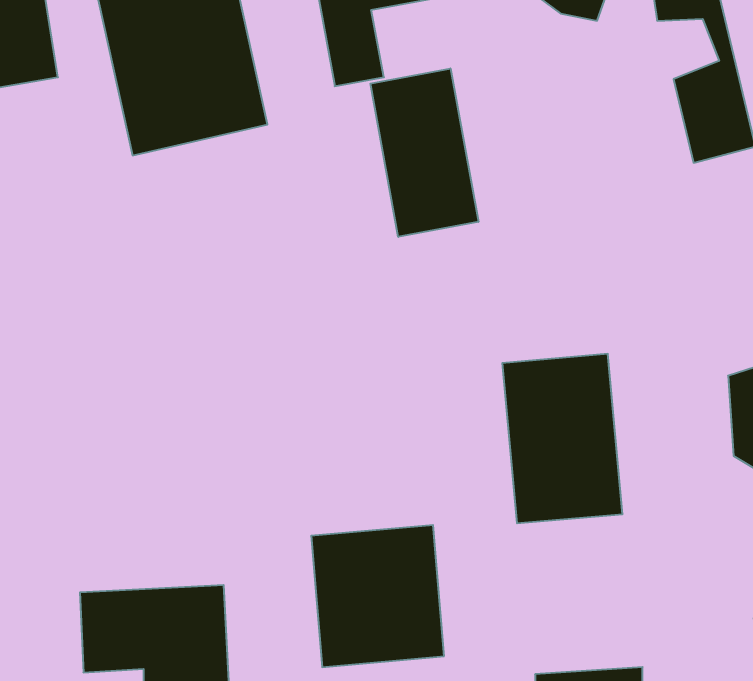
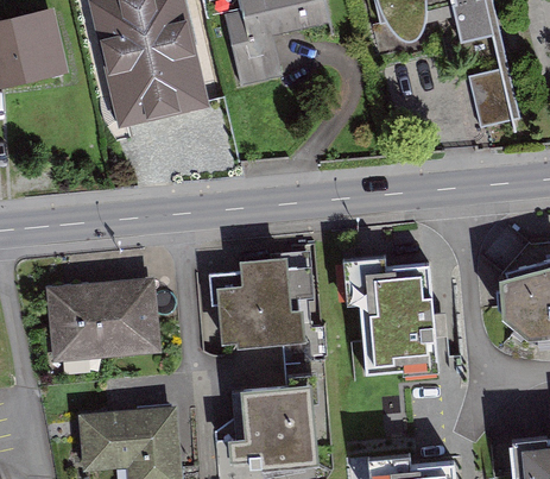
building: [370,68,478,237] -> none
building: none -> [210,252,309,341]
building: none -> [43,277,154,360]

